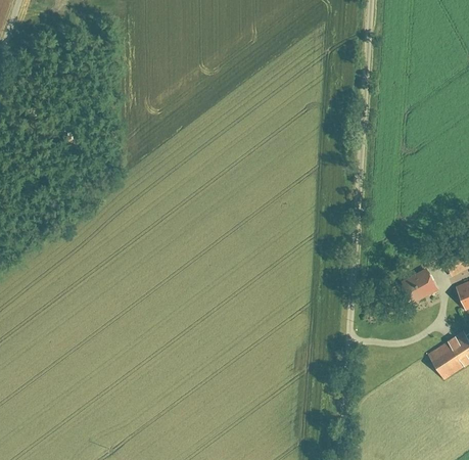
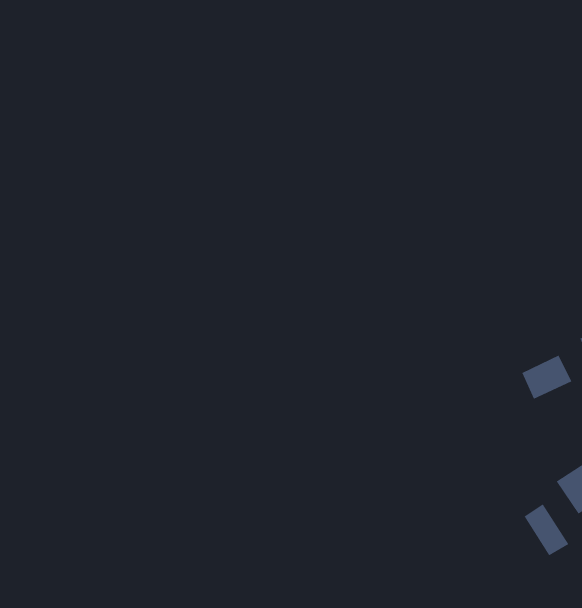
building: none -> [524,503,569,556]

